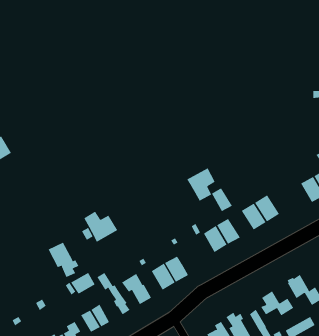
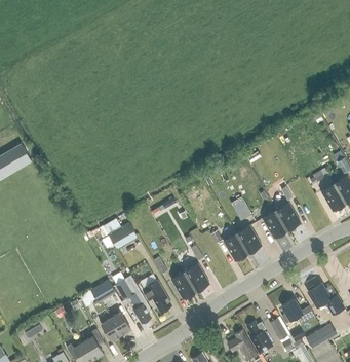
building: [187,168,215,201] -> none
building: [48,242,79,278] -> none

